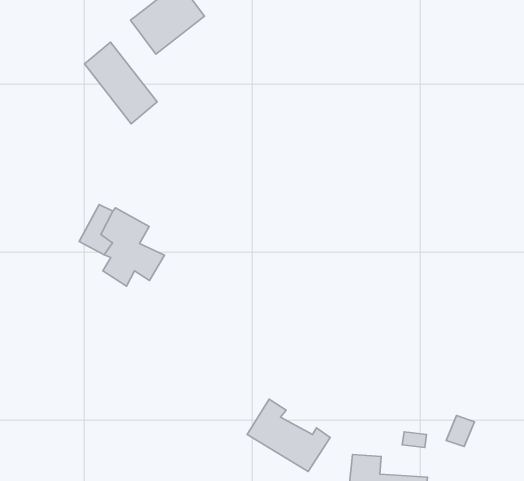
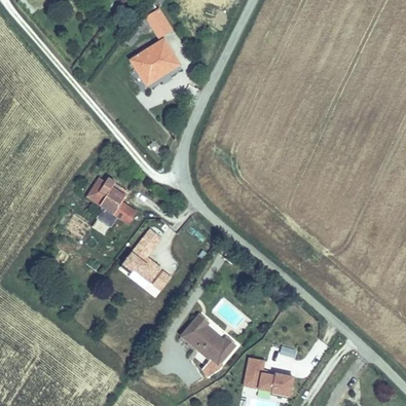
building: [84,42,157,124] -> none
building: none -> [119,226,173,291]

